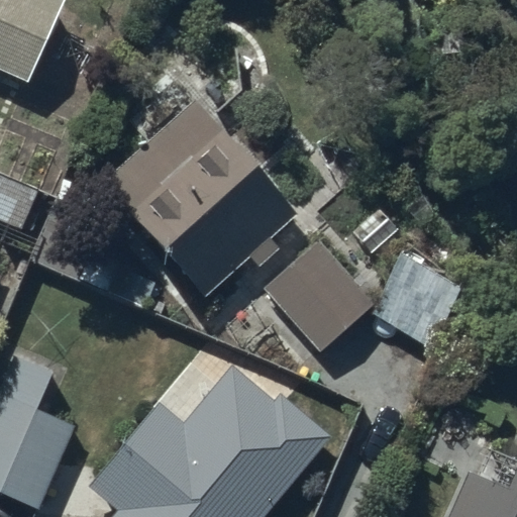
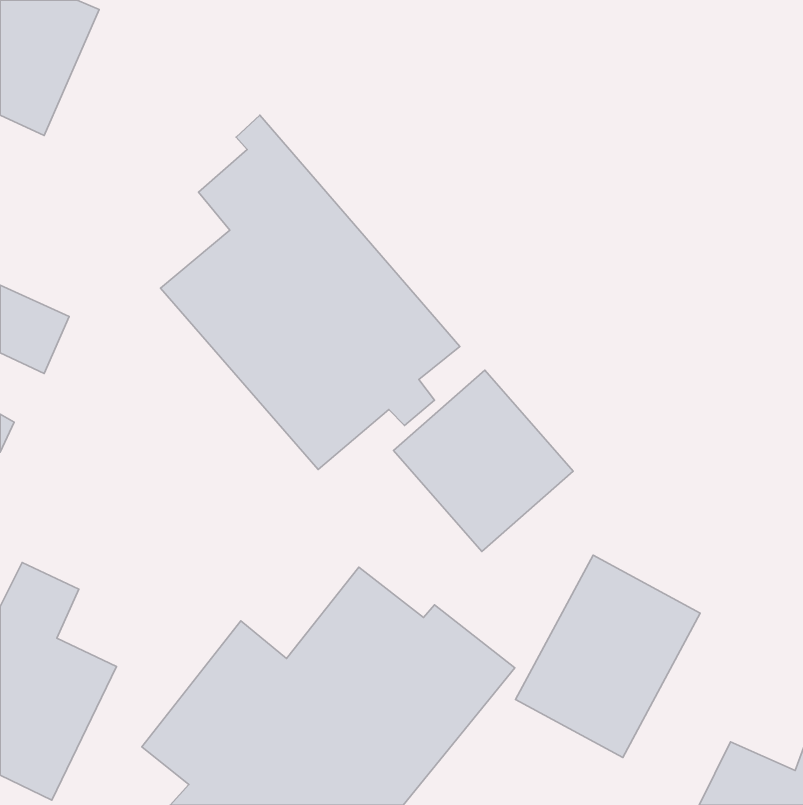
building: [370,248,469,349] -> none
building: none -> [516,555,700,758]

